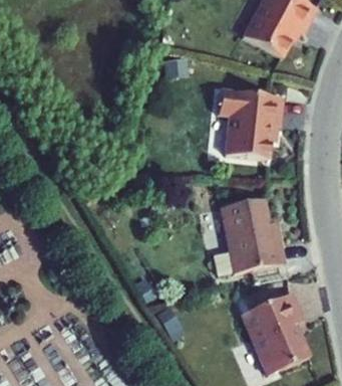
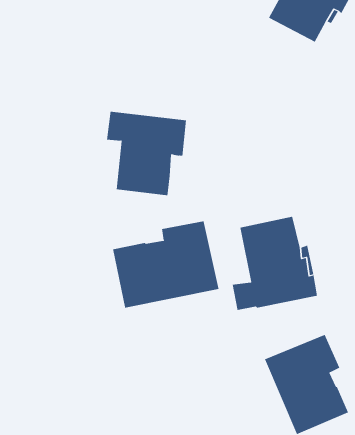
building: [219,89,284,158] -> [106,111,187,196]
building: none -> [113,220,219,309]

